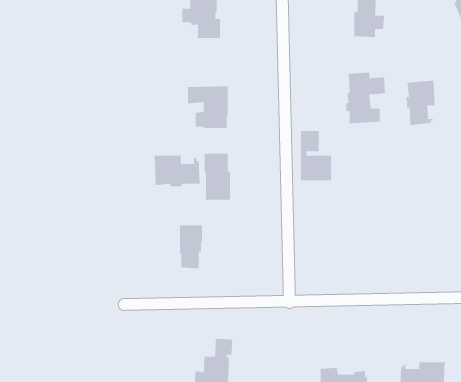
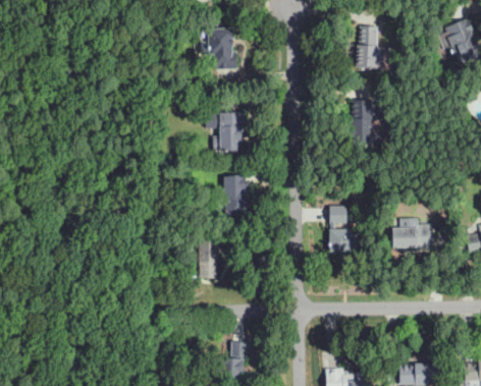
building: [406,80,435,126] -> none
building: [300,130,332,181] -> [329,206,358,252]
building: [154,155,200,187] -> none
building: none -> [392,217,434,249]

